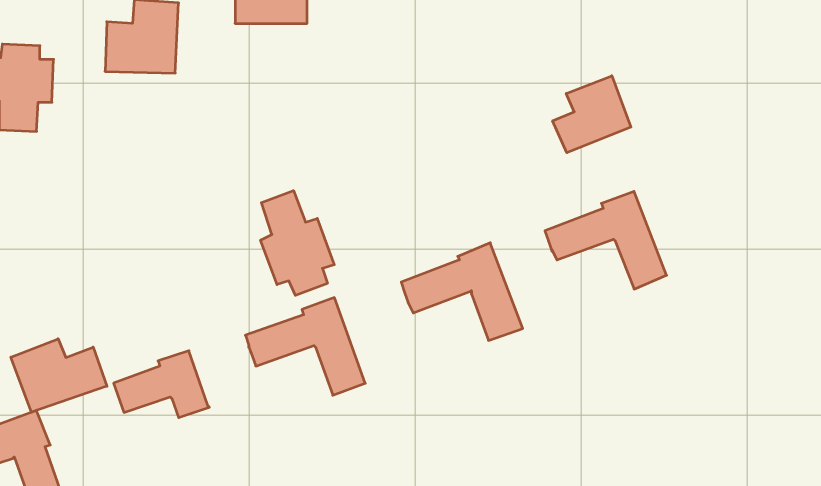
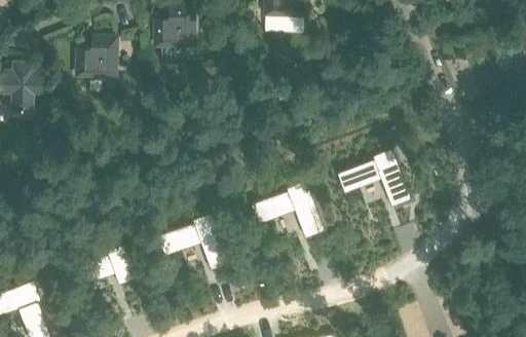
building: [553,76,631,153] -> none
building: [261,191,334,295] -> none
building: [11,339,107,412] -> none

